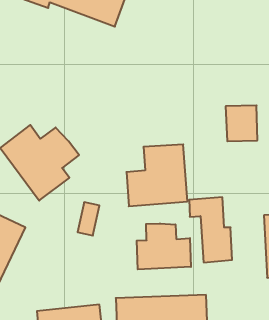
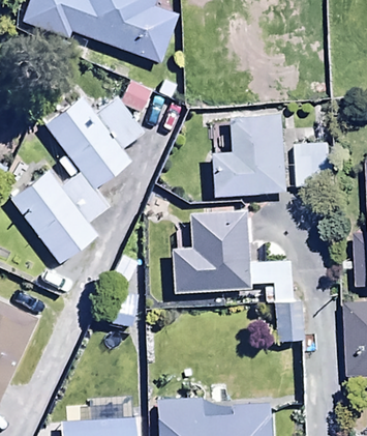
building: none -> [209,105,288,195]
building: none -> [44,109,146,204]
building: [137,223,191,269] -> none

